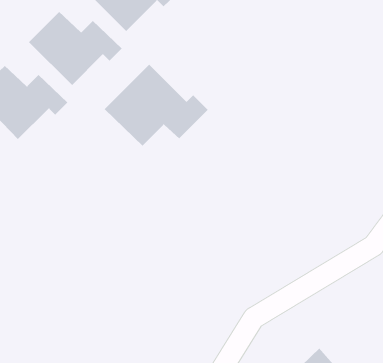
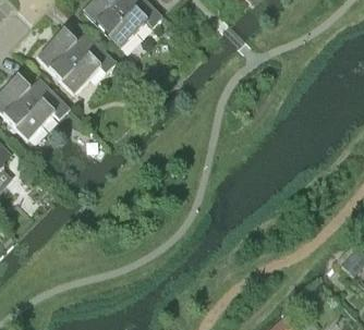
building: [104,64,208,146] -> none

